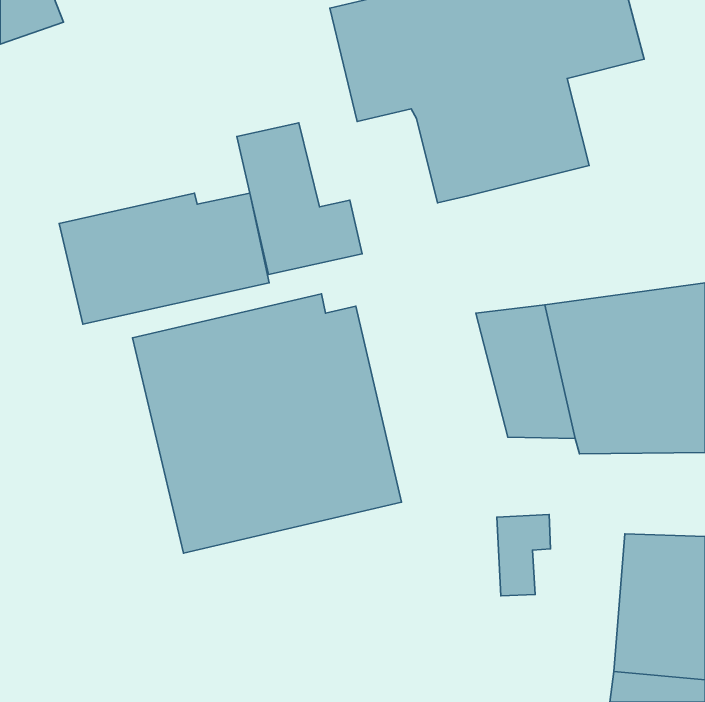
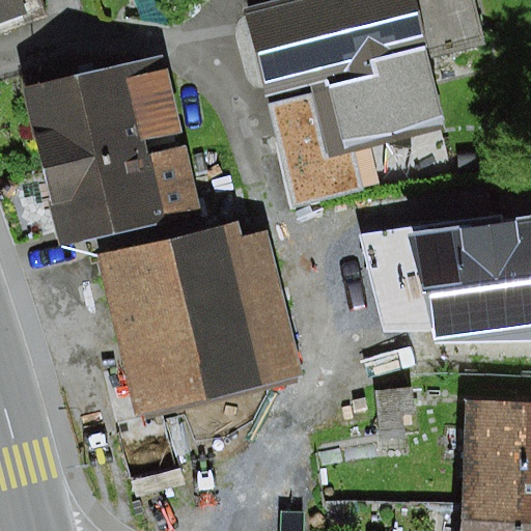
building: none -> [26,55,180,168]
building: [237,123,362,275] -> [267,89,361,203]

